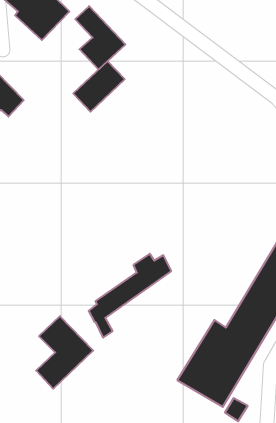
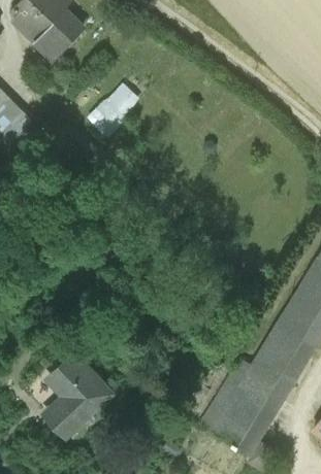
building: [75,6,125,69] -> none
building: [89,254,171,338] -> none

